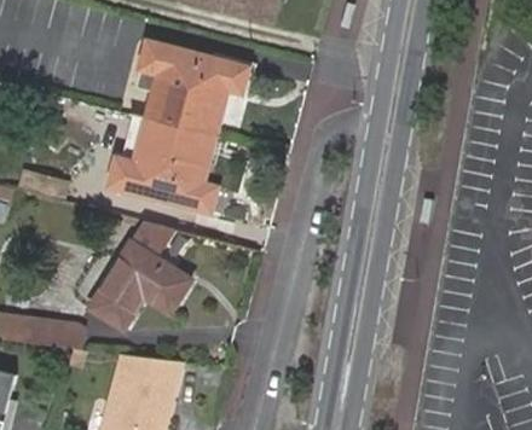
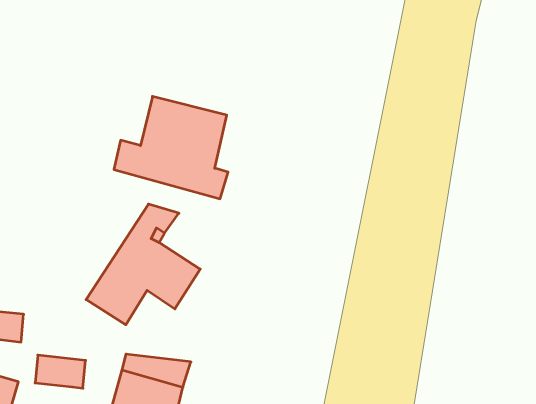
building: [143,41,247,135] -> none
building: [27,316,73,347] -> [35,355,86,388]

